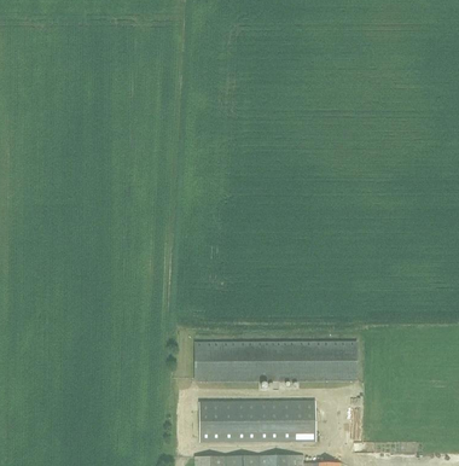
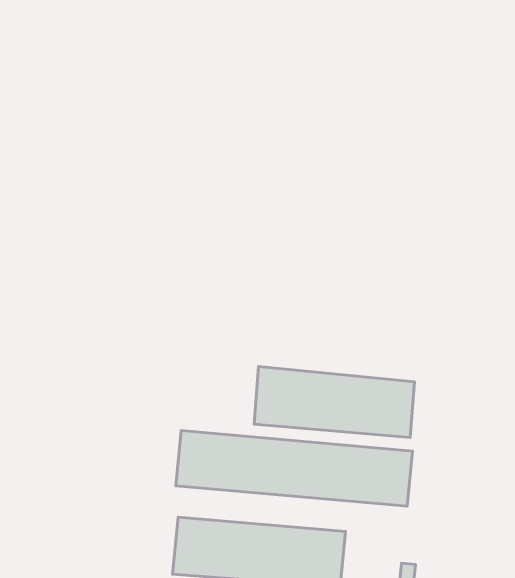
building: none -> [254,367,414,438]

